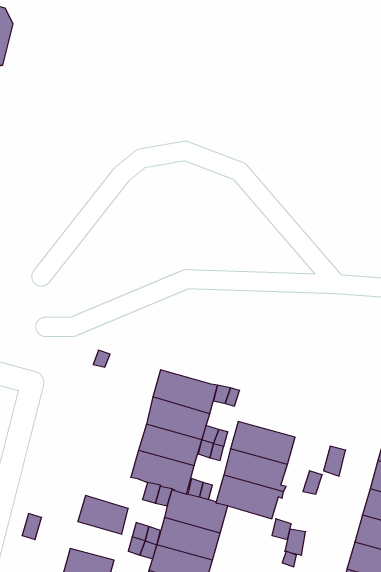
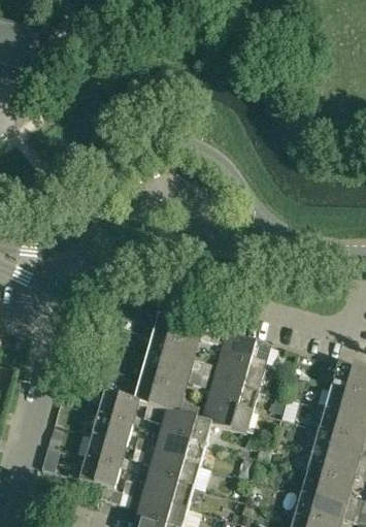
building: none -> [218,335,269,370]
building: none -> [96,394,137,427]
building: none -> [84,437,125,468]

